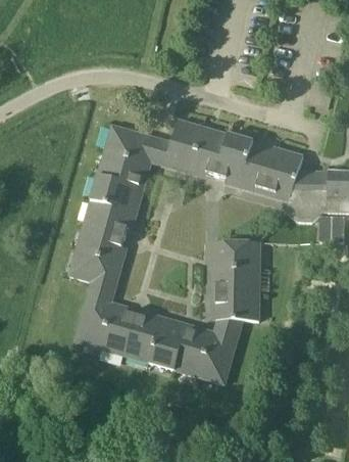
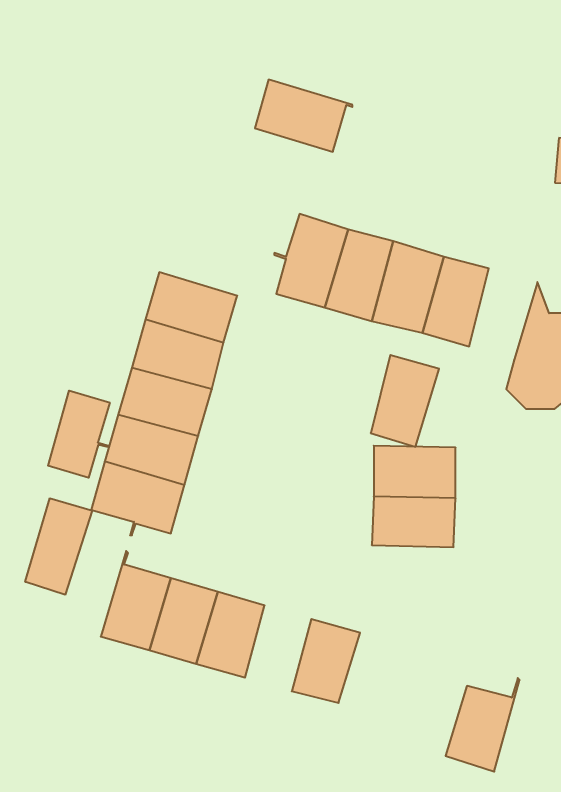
building: [104,123,155,160] -> [255,80,352,152]
building: [266,146,302,194] -> [371,355,439,447]
building: none -> [48,391,110,478]
building: none -> [25,498,92,595]
building: [215,291,258,325] -> none
building: [149,323,184,368] -> none
building: [198,333,237,382] -> [446,678,520,772]

